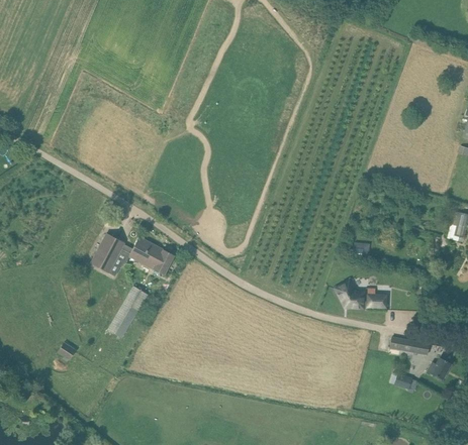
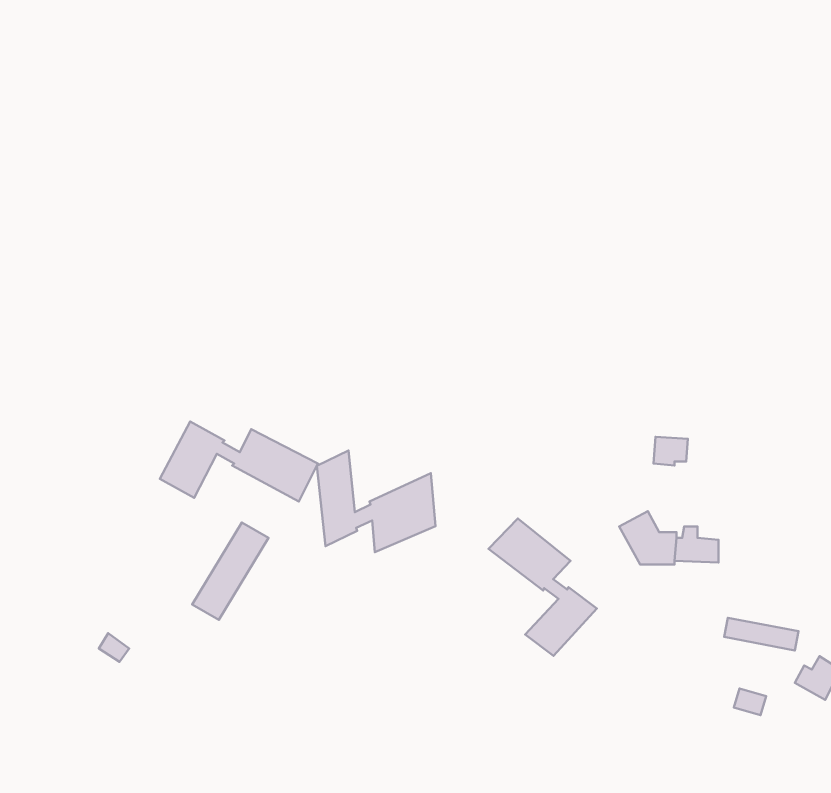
building: none -> [317,451,436,552]
building: none -> [489,518,597,656]

